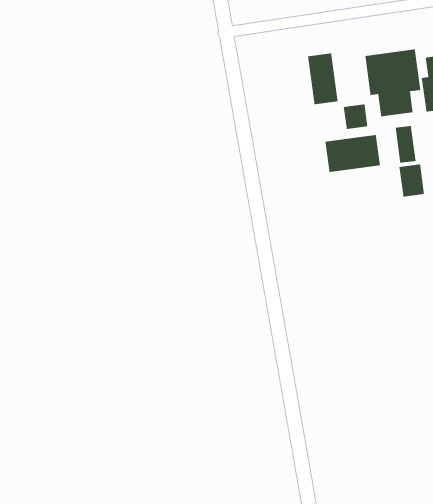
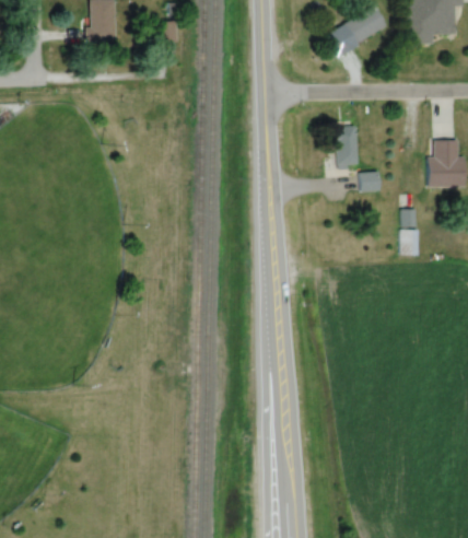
building: [364,49,421,117] -> none
building: [324,134,381,173] -> none

